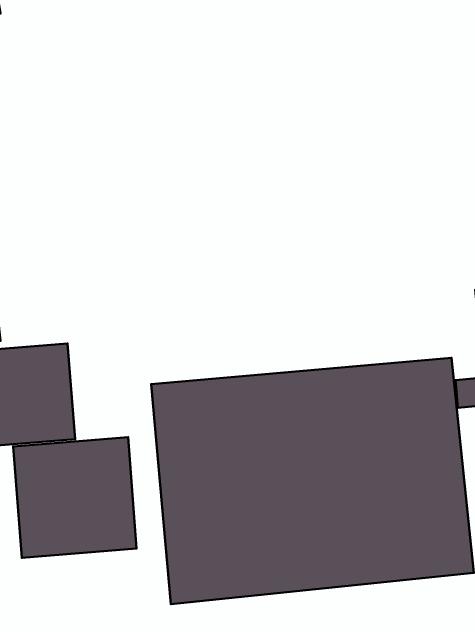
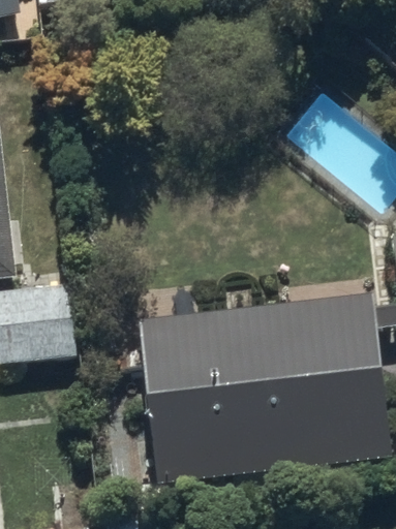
building: [13,437,137,558] -> none

